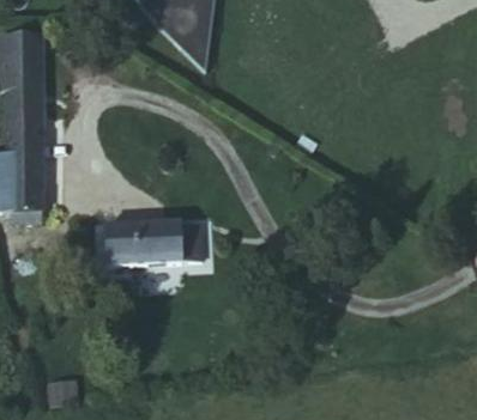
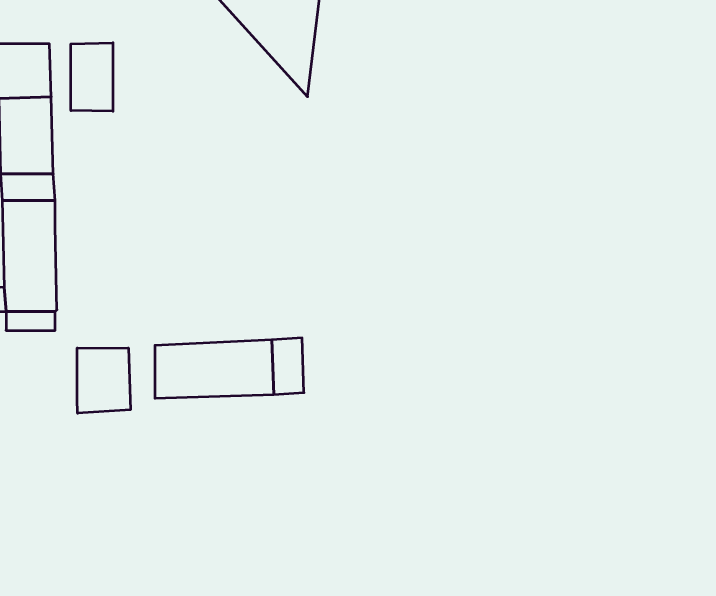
building: none -> [71,43,113,111]
building: none -> [77,348,130,413]

